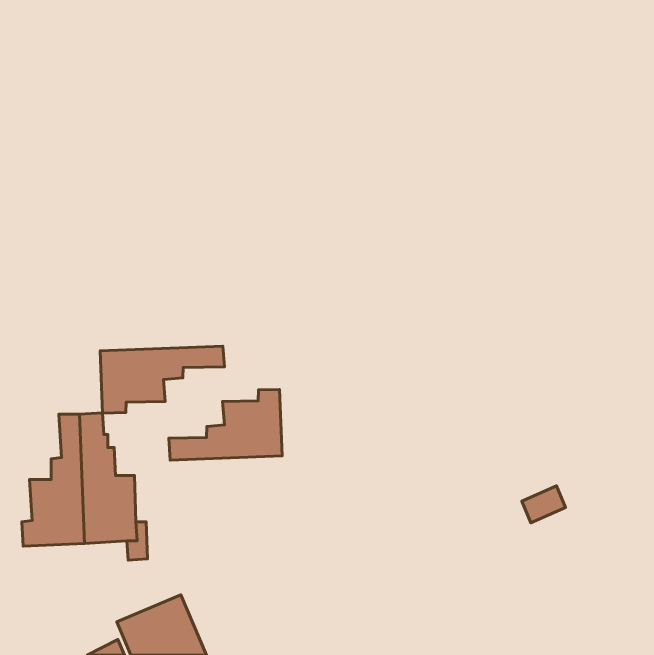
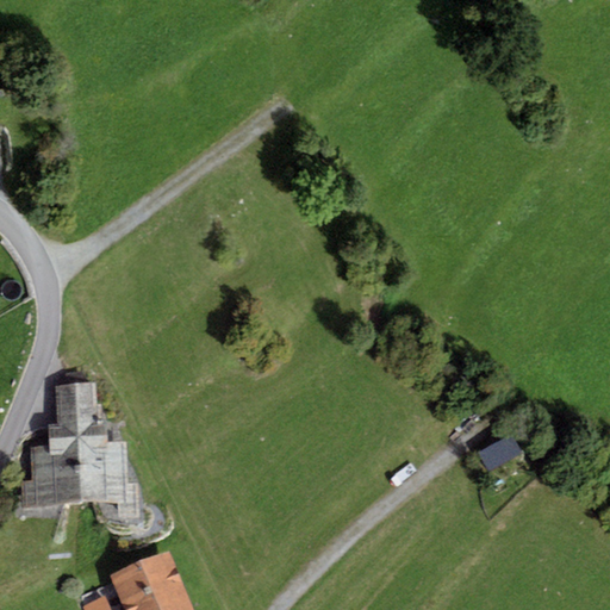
building: [100,346,224,413] -> none
building: [169,389,282,460] -> none

